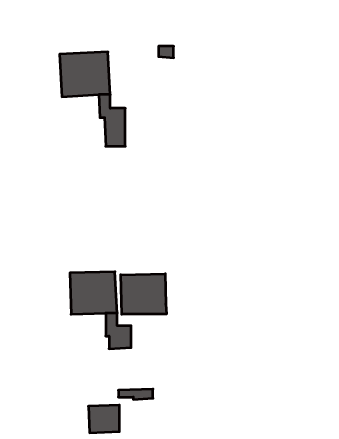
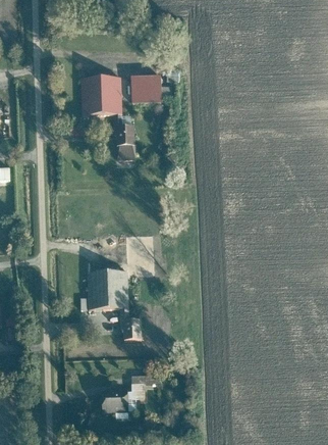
building: none -> [131,76,173,102]
building: [121,274,166,314] -> none

